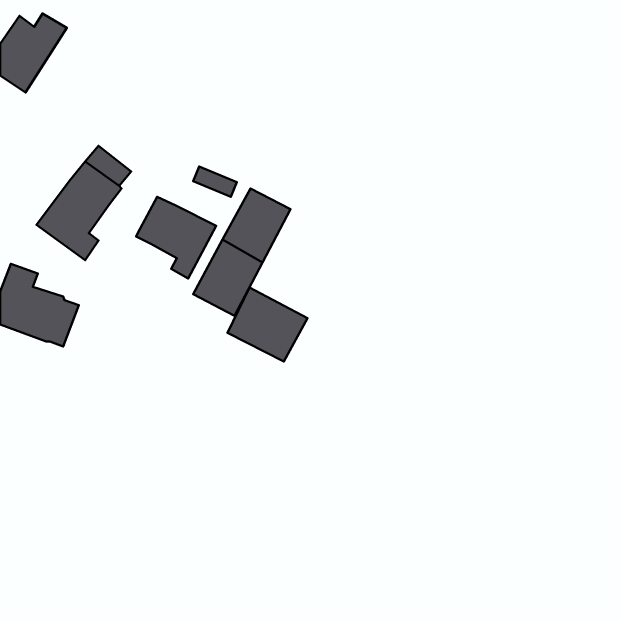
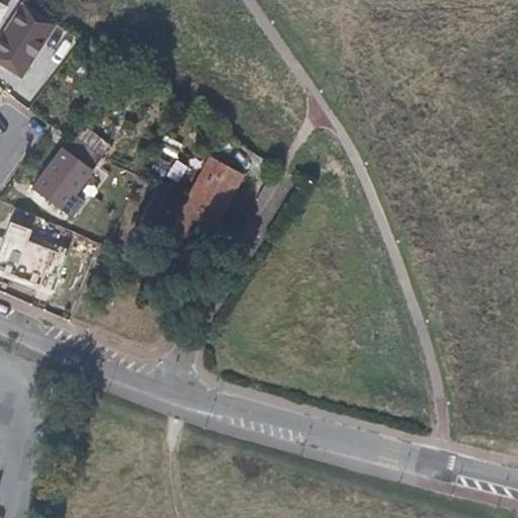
building: [136,197,216,278] -> none
building: [228,287,307,362] -> none

